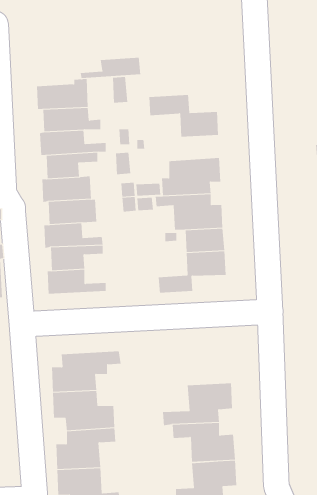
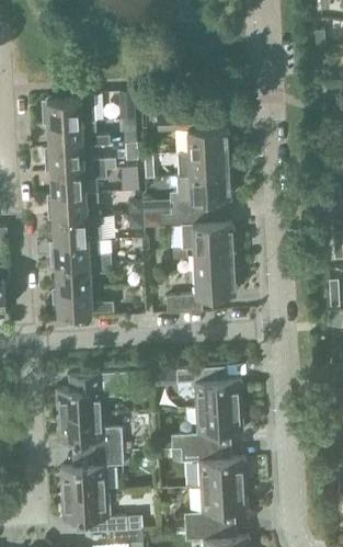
building: [80,57,141,79] -> none
building: none -> [179,151,230,178]
building: none -> [176,367,242,408]

